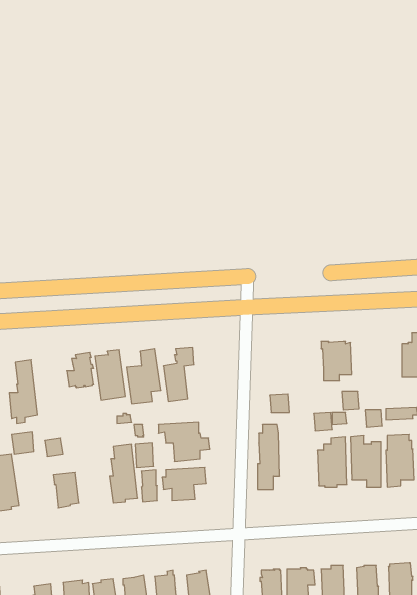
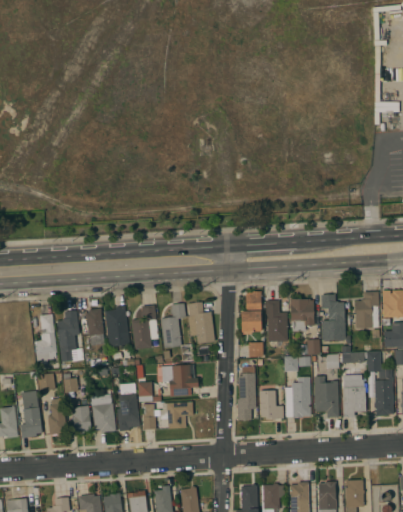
building: none -> [241,291,261,332]
building: none -> [321,295,345,341]
building: none -> [265,301,287,342]
building: none -> [187,302,214,344]
building: none -> [56,311,79,362]
building: none -> [259,391,283,420]
building: none -> [90,394,115,433]
building: none -> [47,398,66,436]

